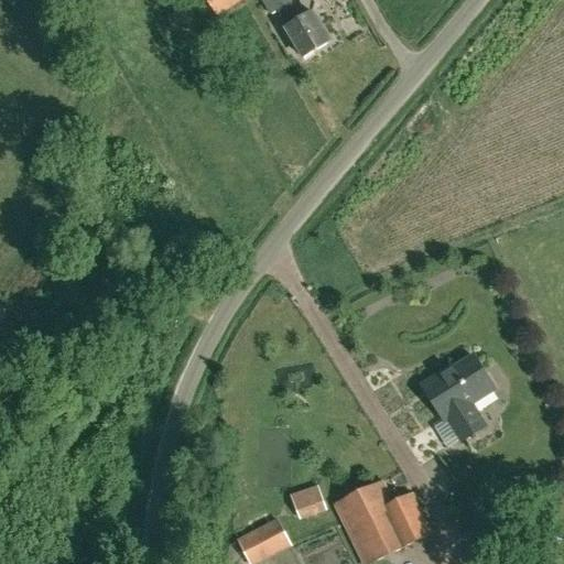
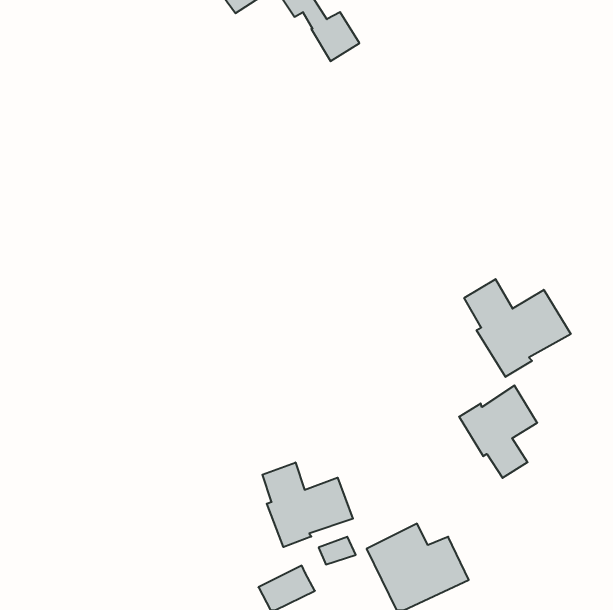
building: none -> [464,279,571,377]
building: none -> [262,462,353,547]

